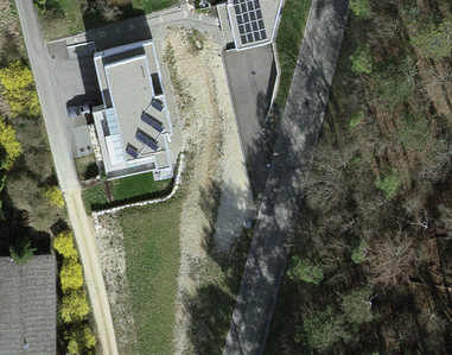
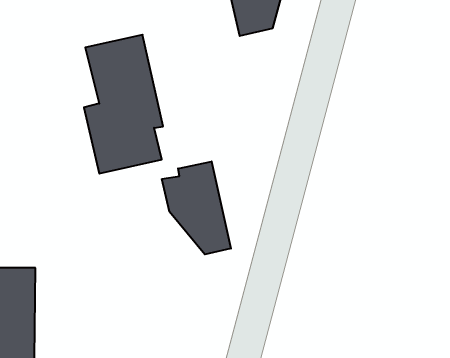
building: none -> [162,161,231,254]

